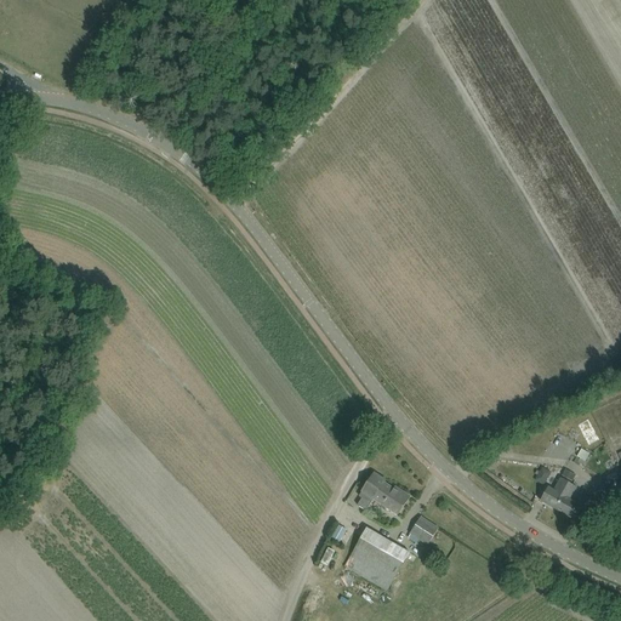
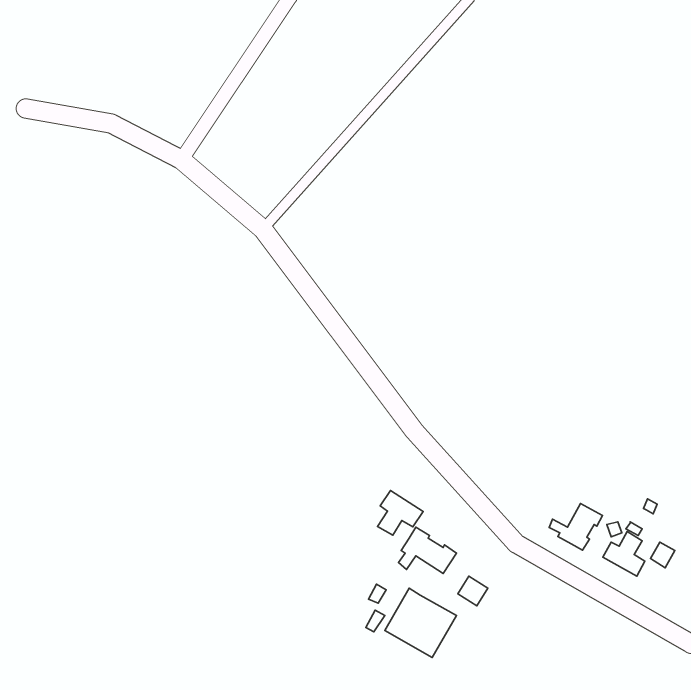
building: none -> [377,490,423,535]
building: none -> [549,503,603,550]

